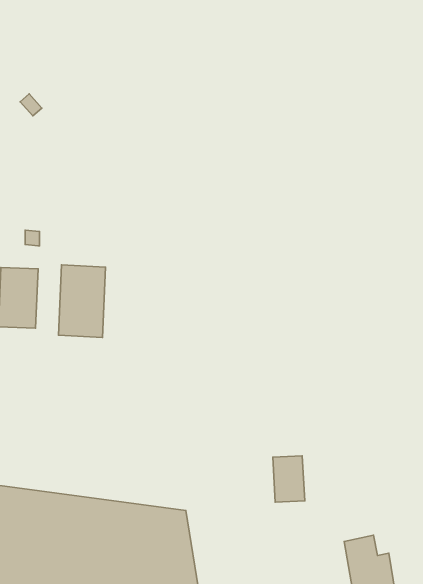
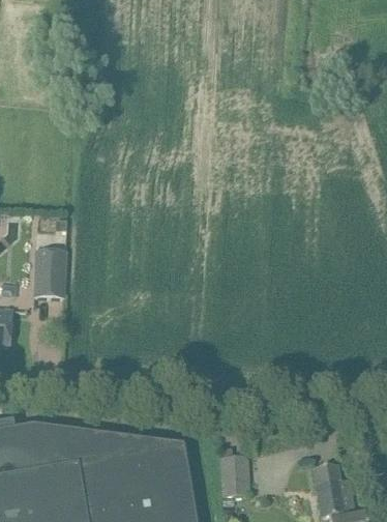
building: [58,265,106,337] -> none
building: [273,456,305,502] -> [221,457,247,494]

